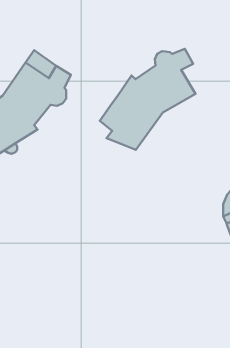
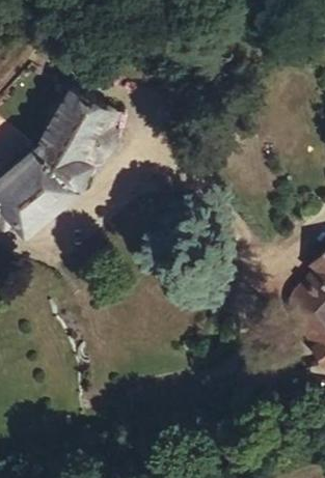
building: [100,49,195,150] -> none

